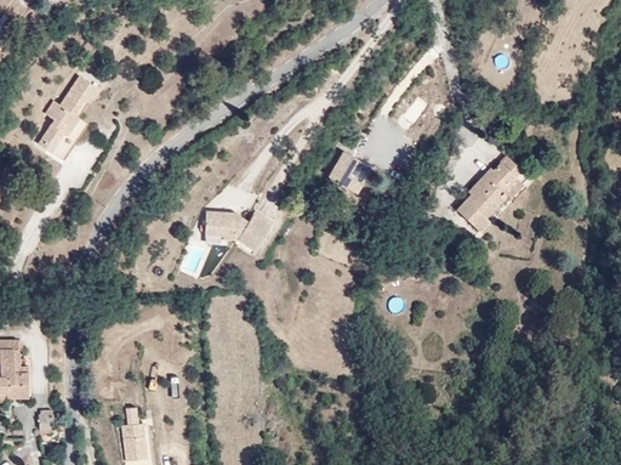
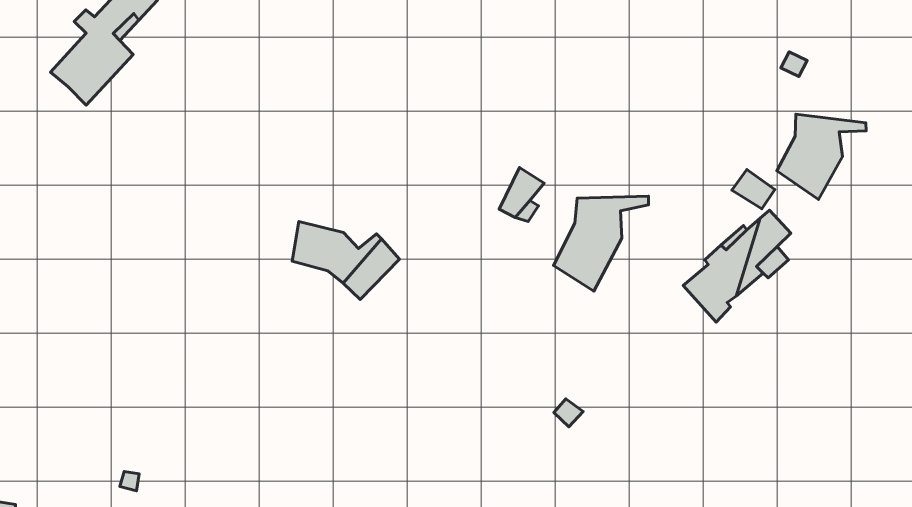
building: none -> [777,114,866,200]
building: none -> [553,196,649,291]

